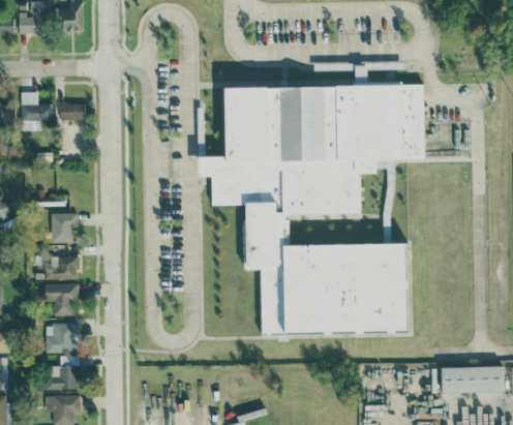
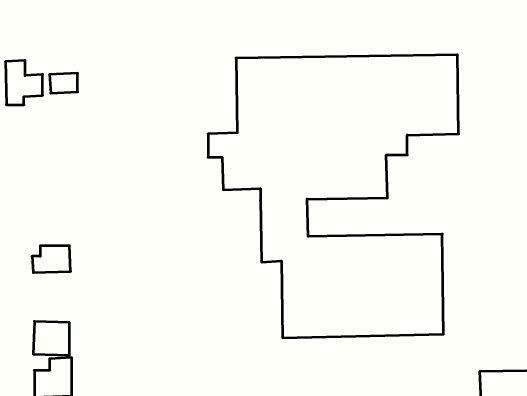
building: [50,213,78,242] -> none
building: [43,282,79,315] -> none

